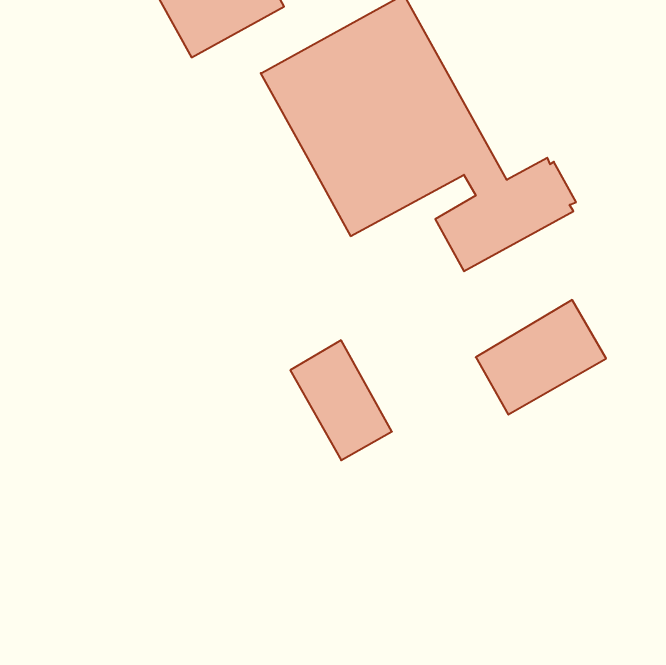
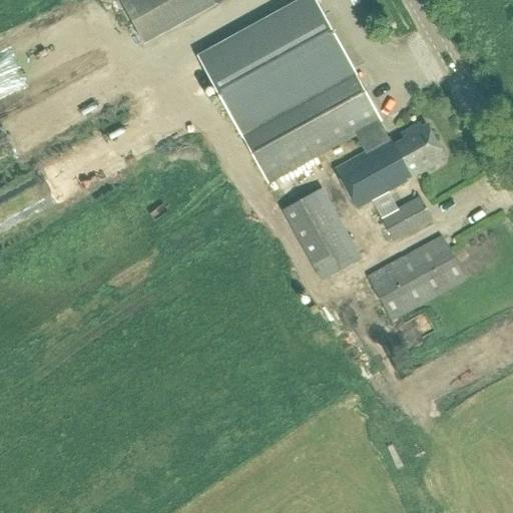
building: none -> [381,195,433,239]
building: [290,340,392,460] -> [282,186,360,279]

